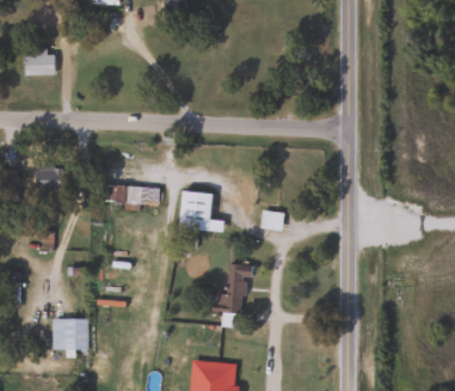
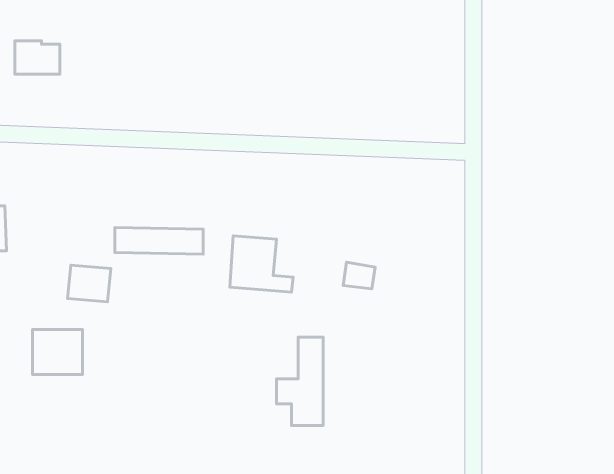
building: [35,166,66,193] -> [67,265,111,302]
building: [53,318,88,350] -> [32,329,82,374]

